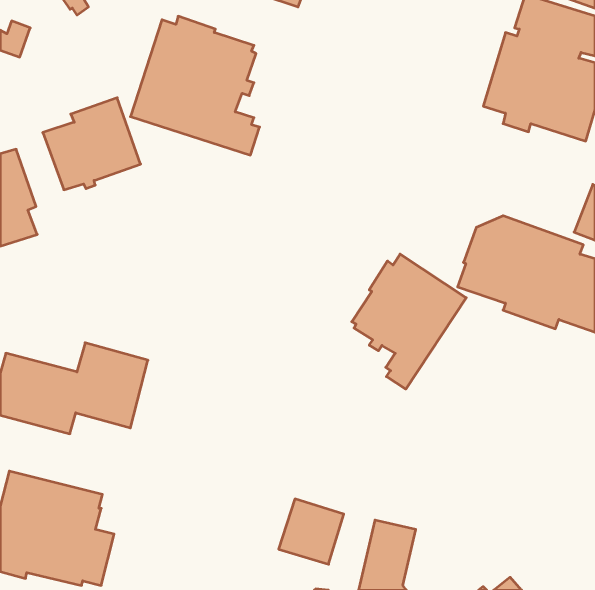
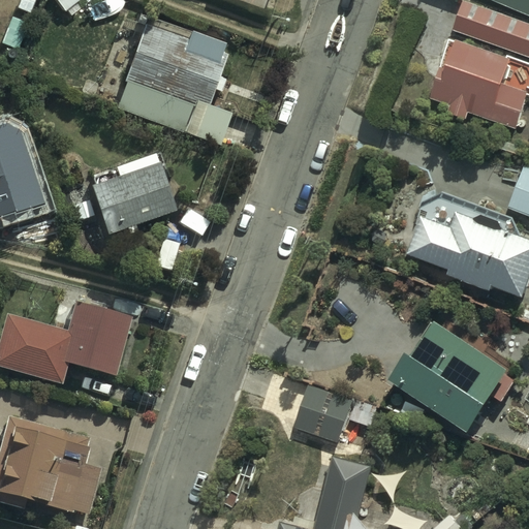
building: [43,98,141,190] -> [87,152,174,234]
building: [352,254,466,389] -> none
building: none -> [391,322,518,436]
building: [279,499,344,564] -> [293,381,351,439]

